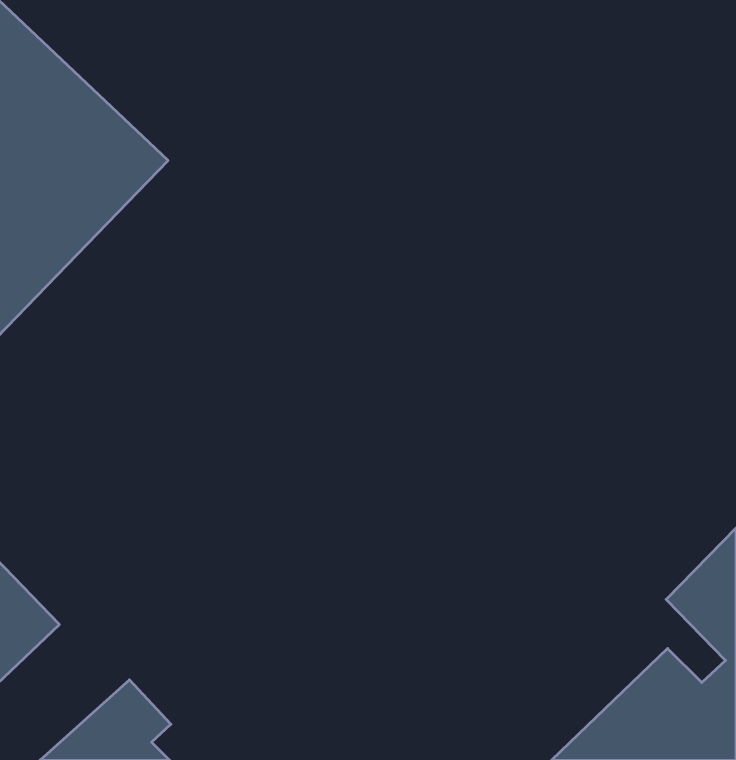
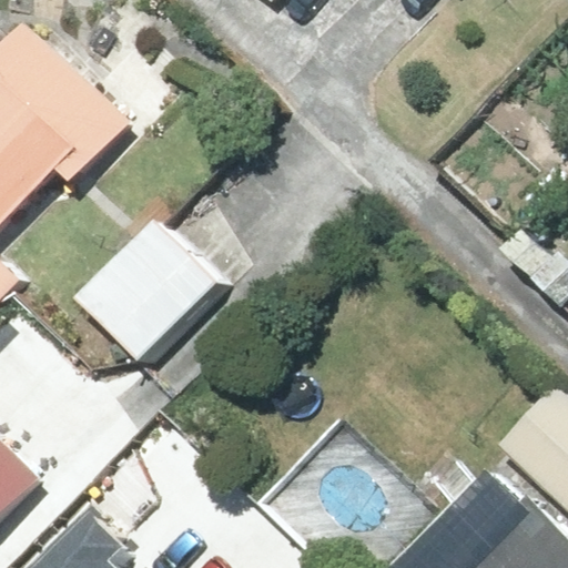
building: none -> [74,221,220,363]

